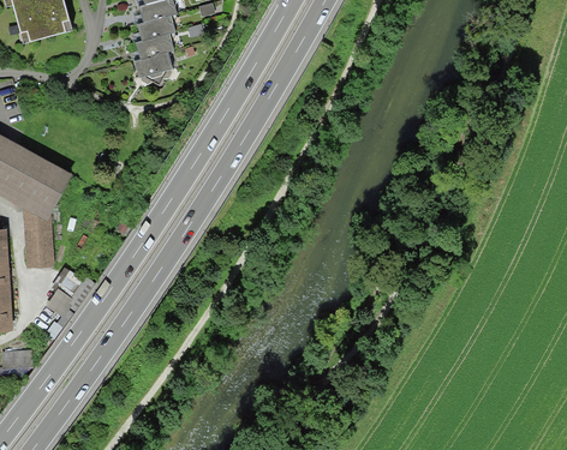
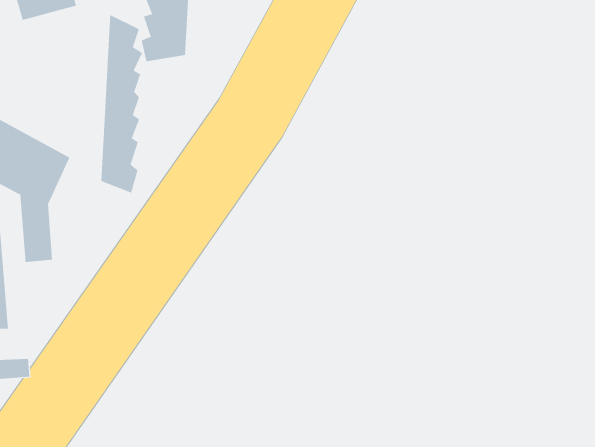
building: none -> [101,14,143,194]

